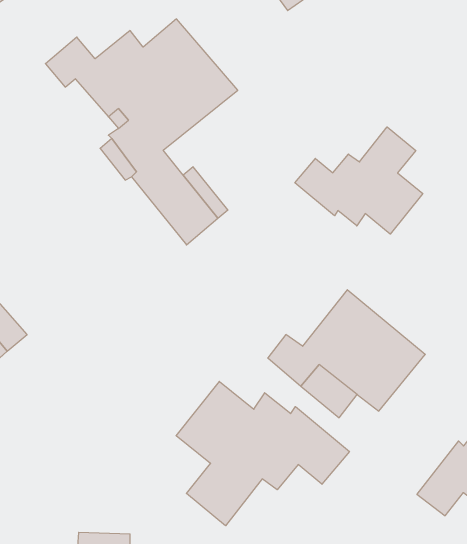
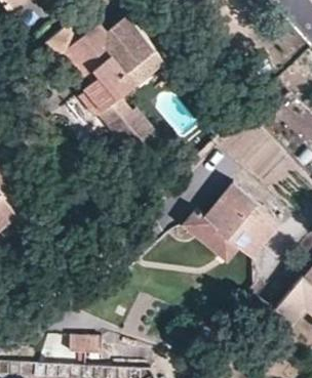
building: [295,127,423,234] -> none
building: [176,381,349,526] -> none

